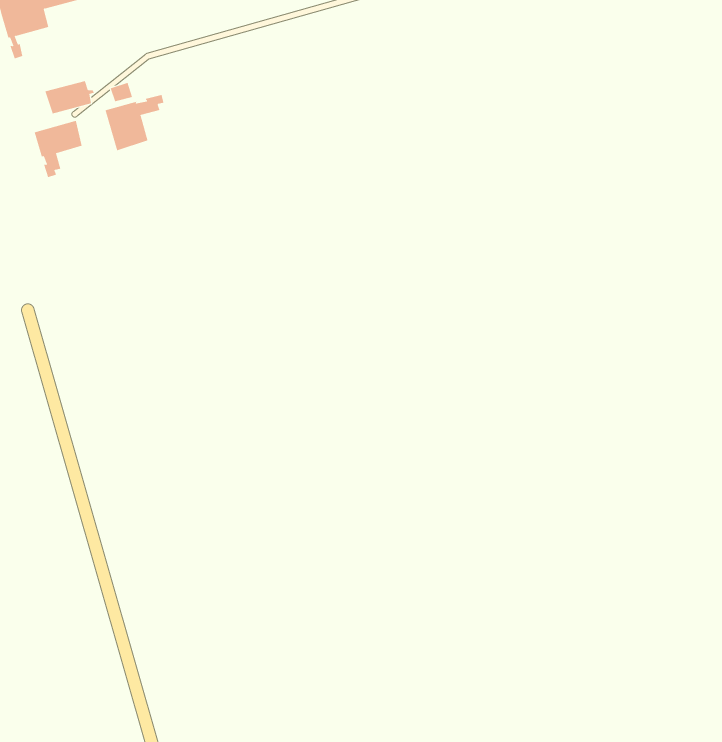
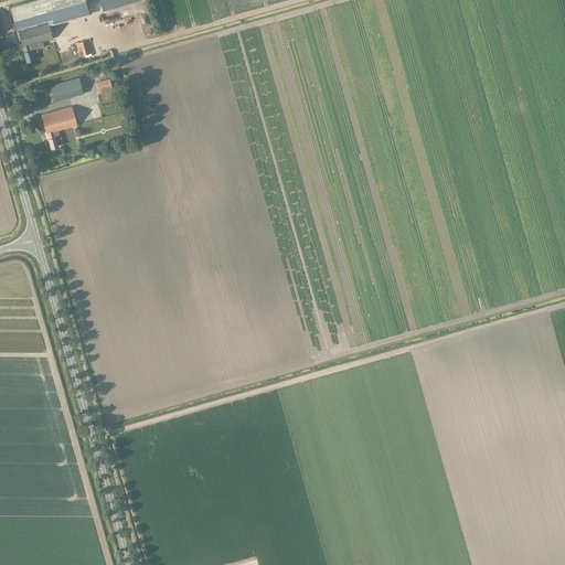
building: [105,94,164,151] -> none

